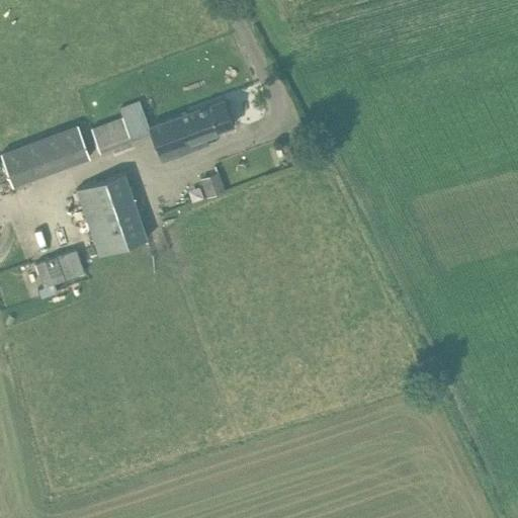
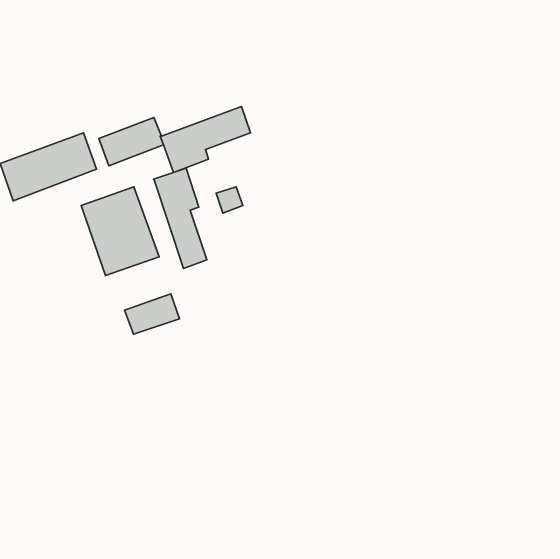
building: none -> [154,168,207,269]
building: [37,254,88,291] -> [125,294,180,334]

